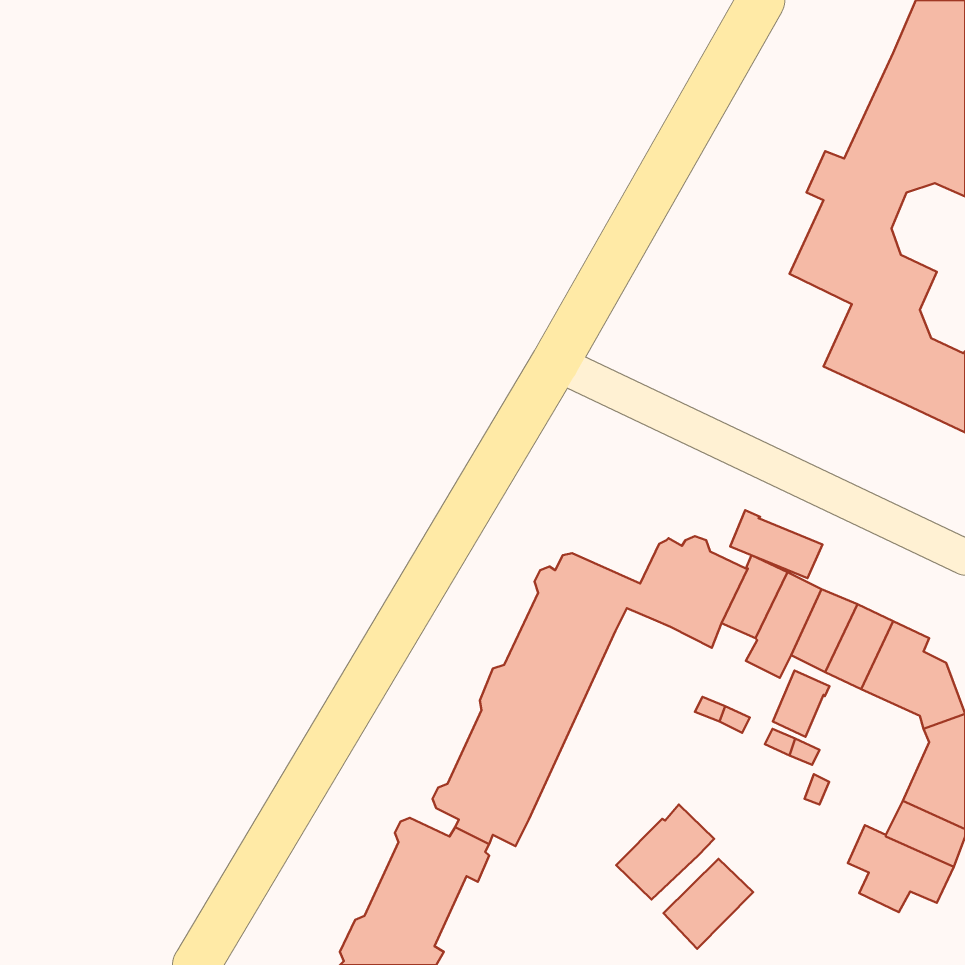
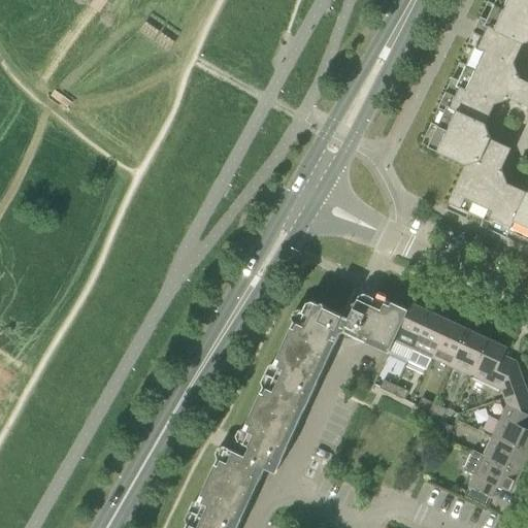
building: [730,510,822,578] -> none
building: [773,671,829,737] -> none
building: [616,805,714,900] -> none
building: [663,859,753,949] -> none

